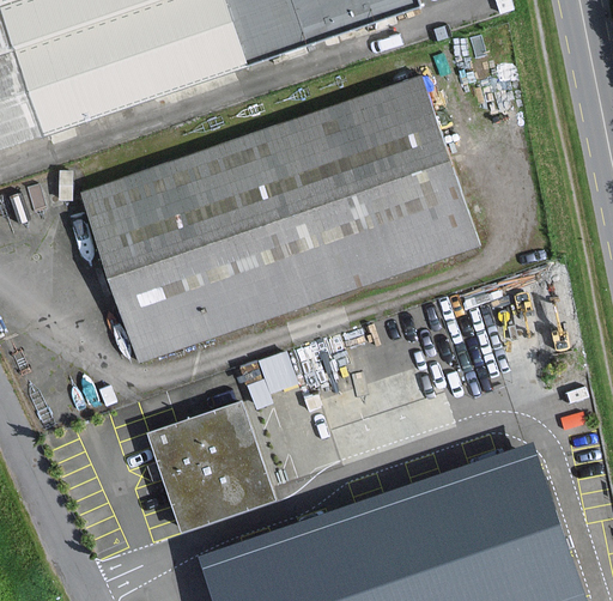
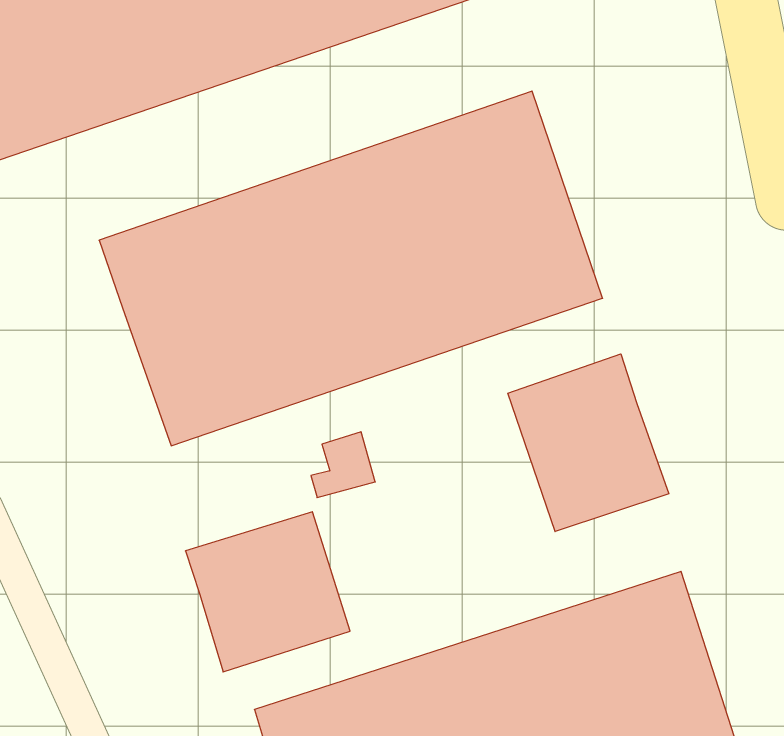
building: none -> [508,354,669,532]

